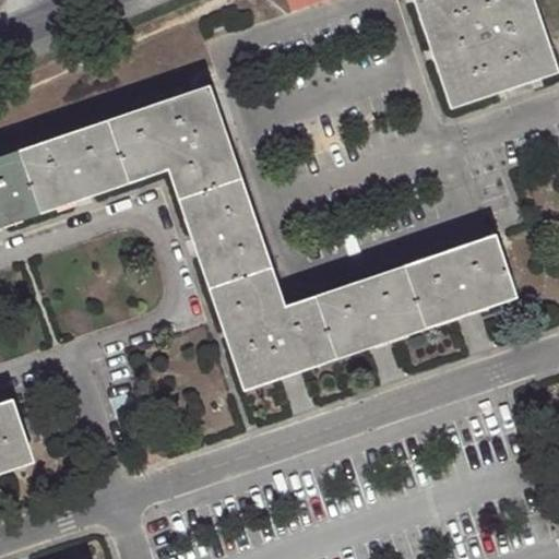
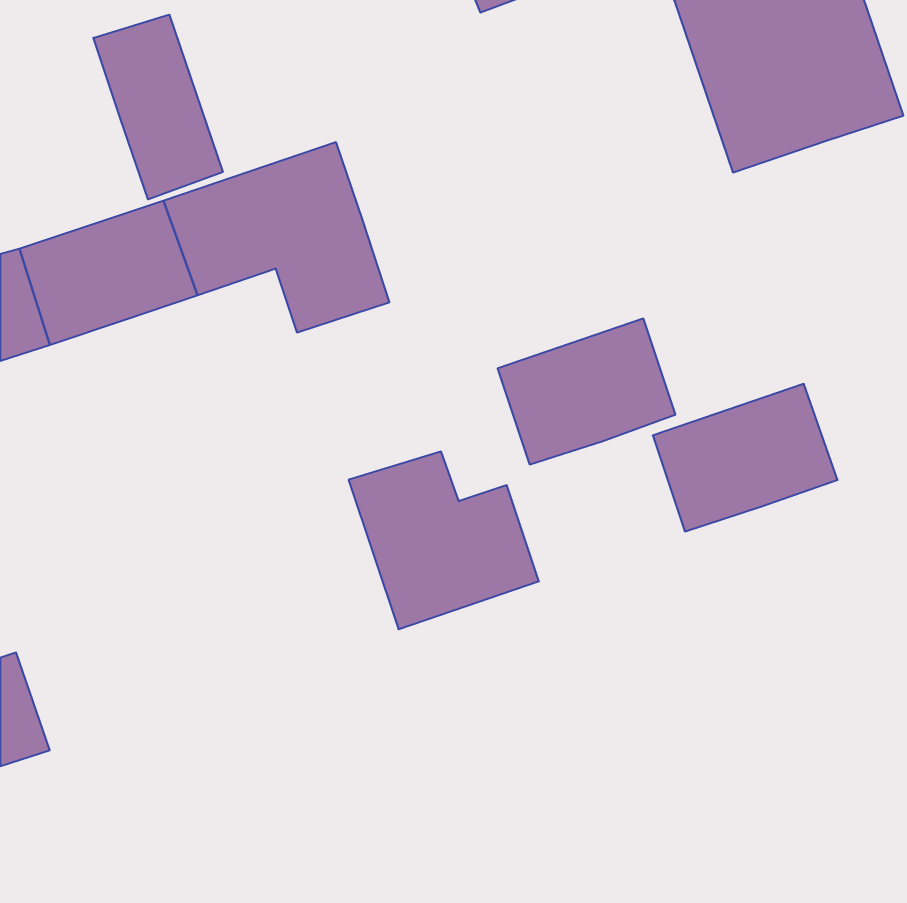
building: none -> [93,15,223,199]
building: [183,186,272,295] -> none
building: [312,267,421,357] -> [498,319,675,464]

